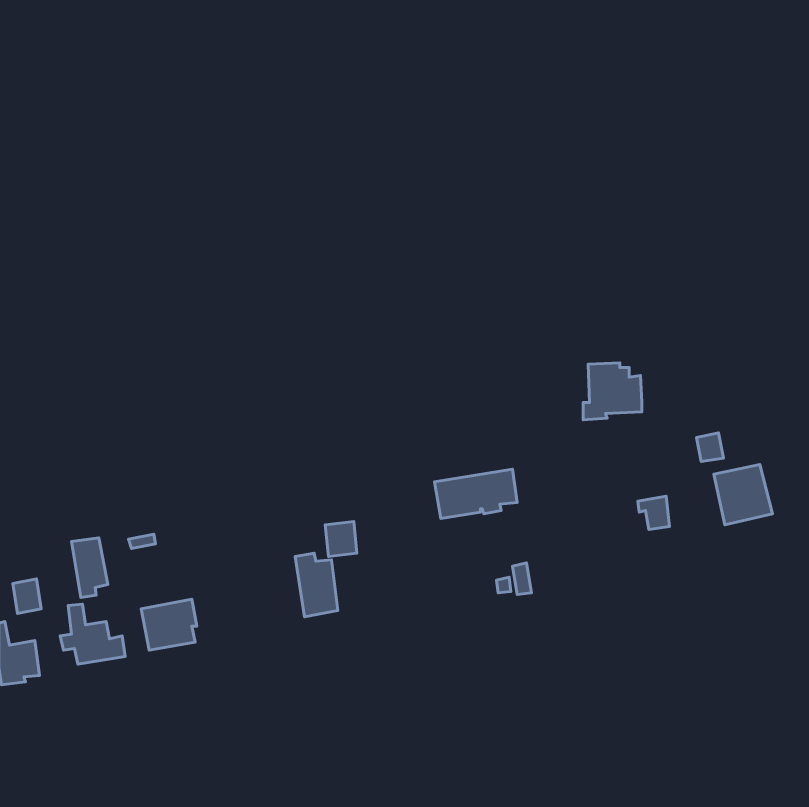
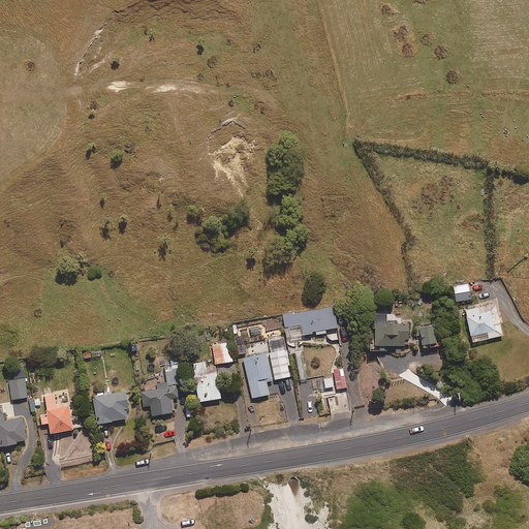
building: [583,363,642,420] -> [371,313,409,350]
building: none -> [243,348,291,398]
building: [71,538,108,597] -> none
building: none -> [145,359,182,415]

